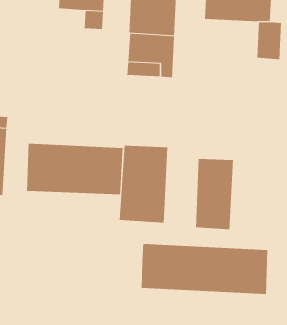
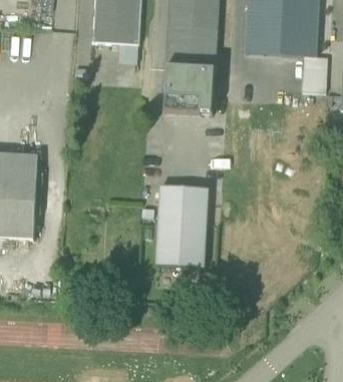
building: [26,143,123,195] -> none
building: [195,158,233,230] -> none
building: [141,243,268,295] -> none

